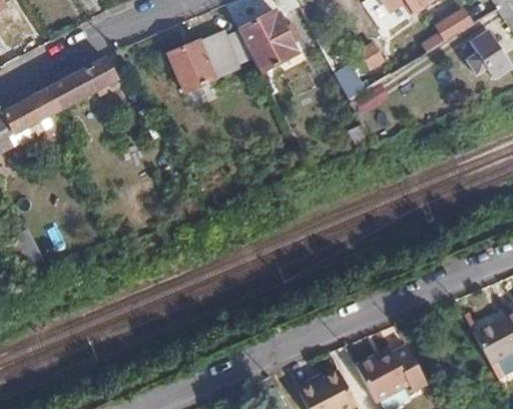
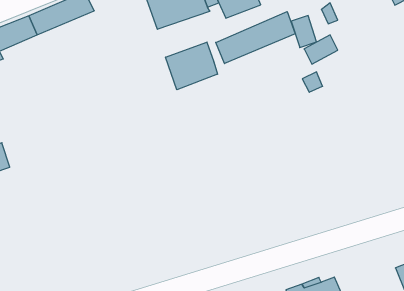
building: none -> [216,12,295,64]
building: none -> [166,42,218,90]

